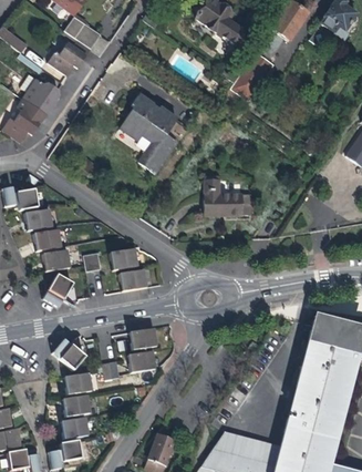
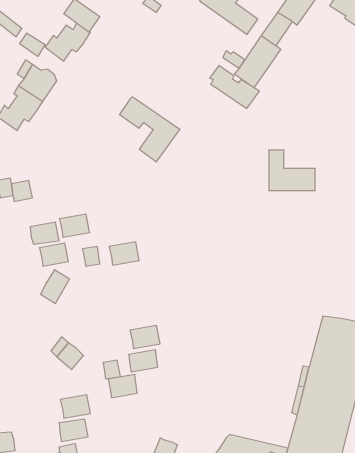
building: [131,92,178,133] -> [210,66,259,108]
building: [205,177,249,216] -> [269,150,315,191]
building: [24,208,53,230] -> [59,214,90,237]
building: [120,269,147,290] -> none
building: [65,372,93,394] -> [108,375,137,398]

